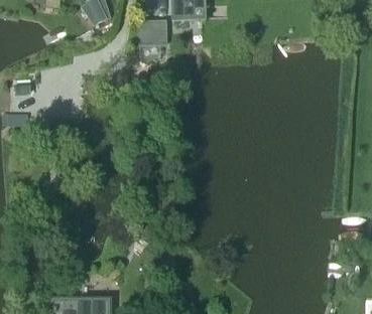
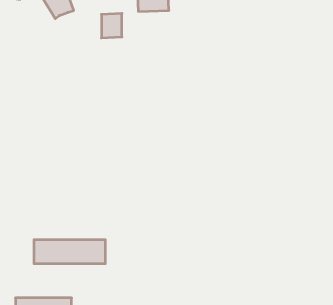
building: none -> [34,240,105,264]

